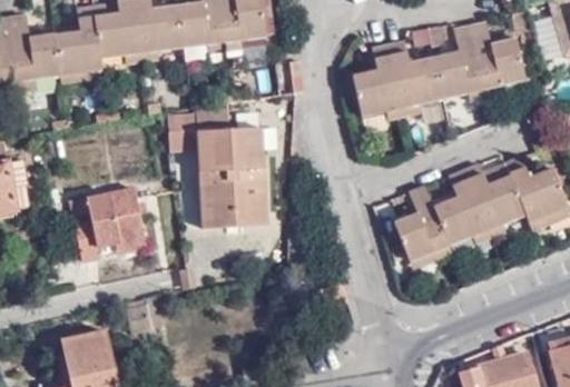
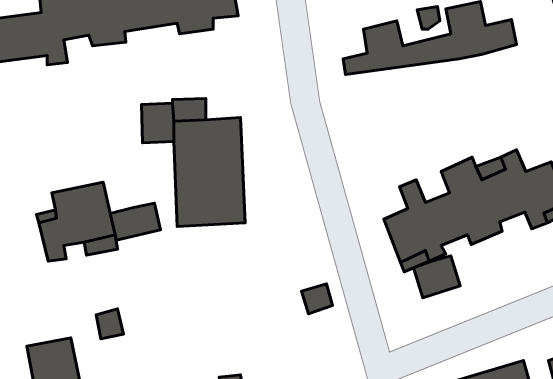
building: [360,59,523,117] -> none
building: none -> [110,203,161,240]
building: none -> [413,256,460,298]

